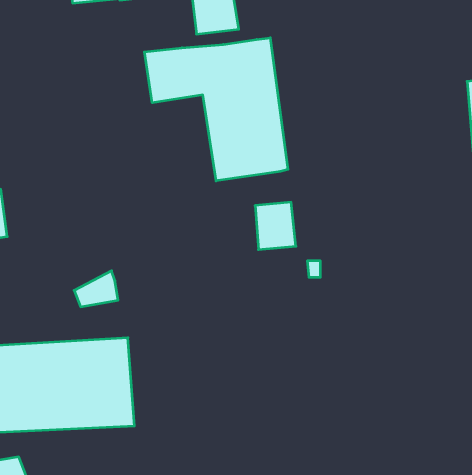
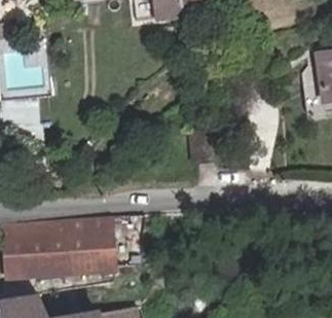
building: [144,38,288,181] -> none

